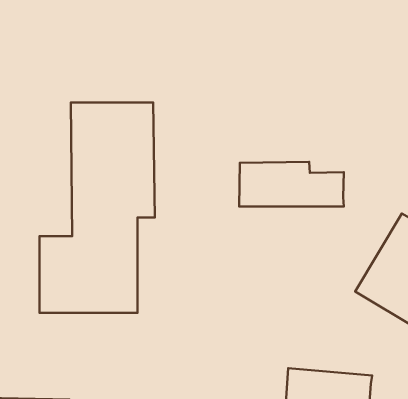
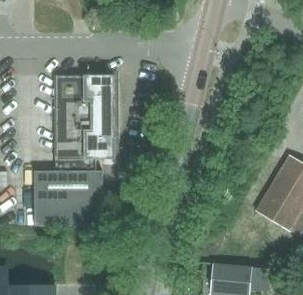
building: [239,162,344,206] -> none

